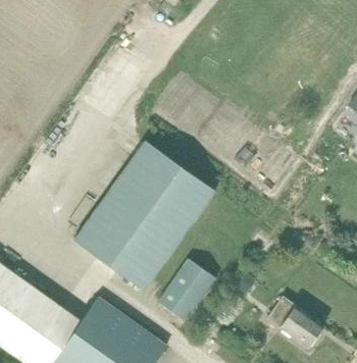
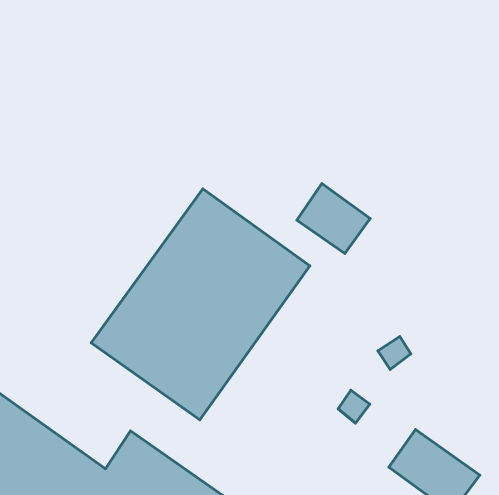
building: none -> [297,184,370,254]
building: [155,258,216,322] -> none

